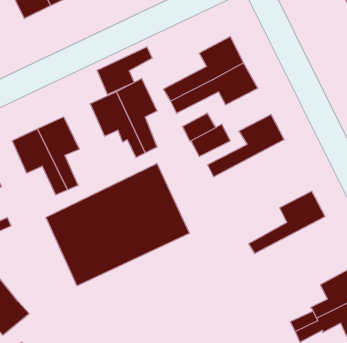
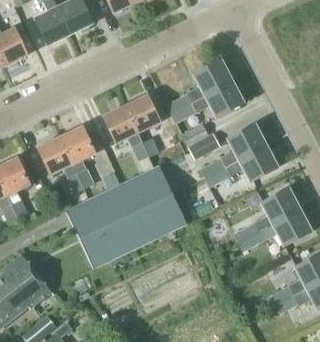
building: [97,47,152,95] -> none
building: none -> [206,146,276,185]
building: none -> [240,210,310,250]

